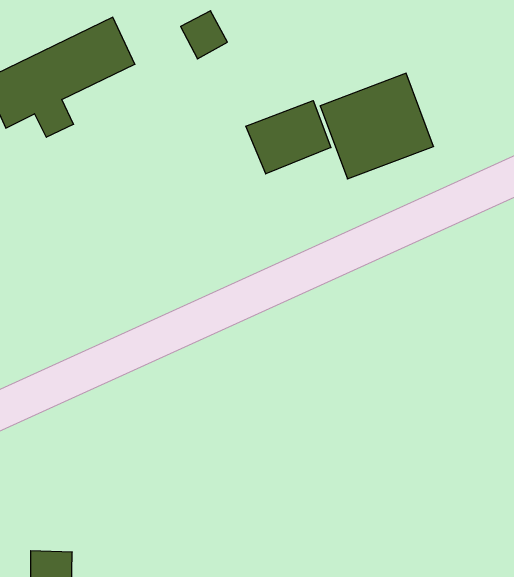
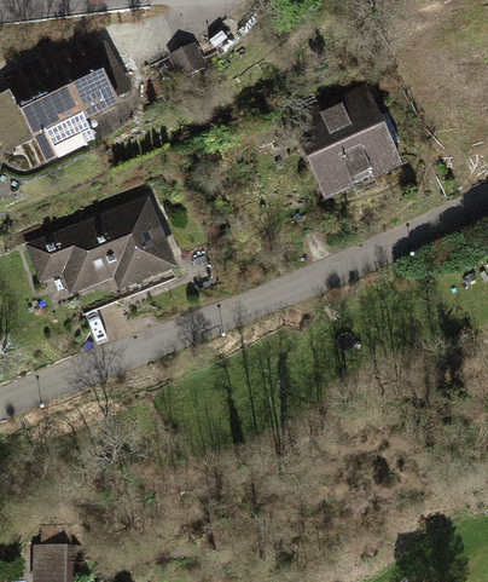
building: [246,101,331,174] -> none
building: none -> [25,195,178,304]

